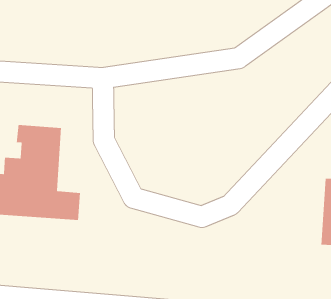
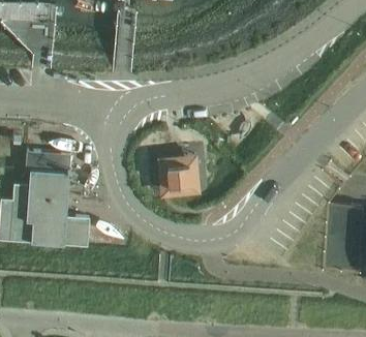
building: none -> [157,153,197,193]

